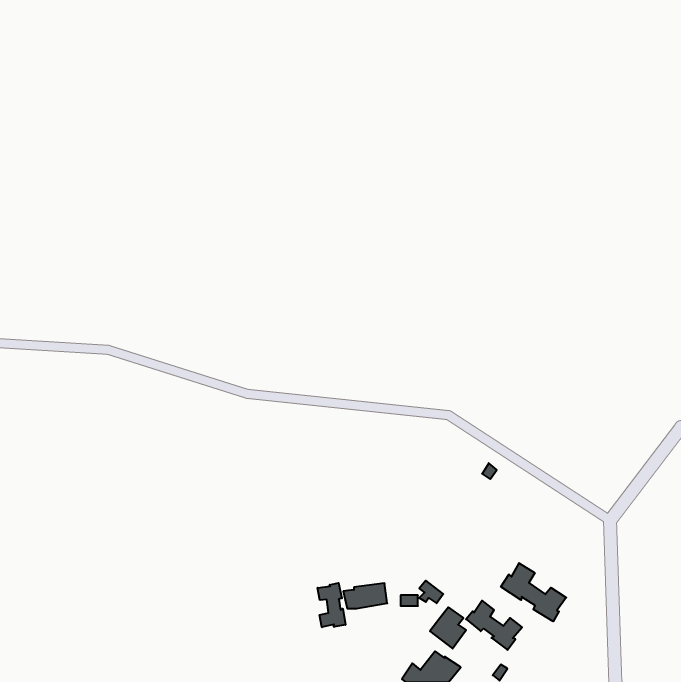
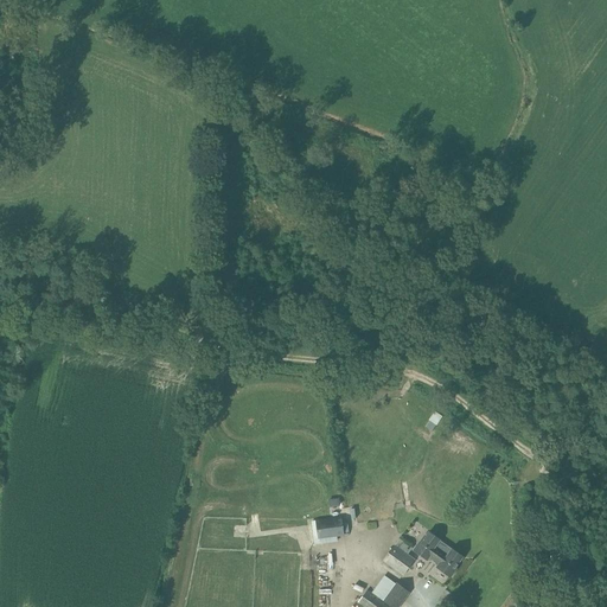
building: [501,563,566,621] -> none
building: [318,583,345,627] -> none

